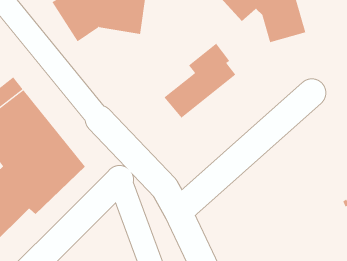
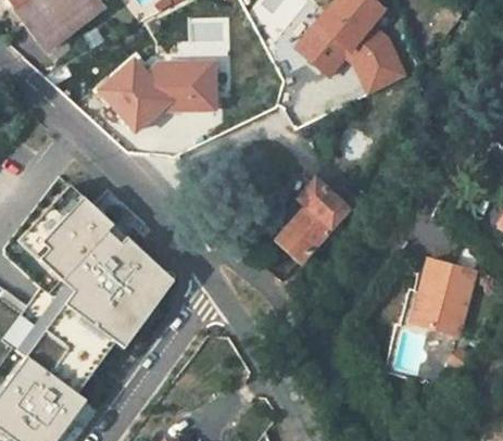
building: [164,43,236,119] -> [273,165,354,262]
building: none -> [411,259,475,335]

